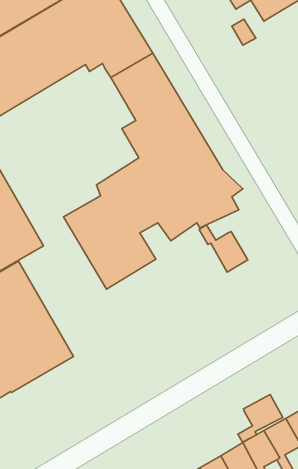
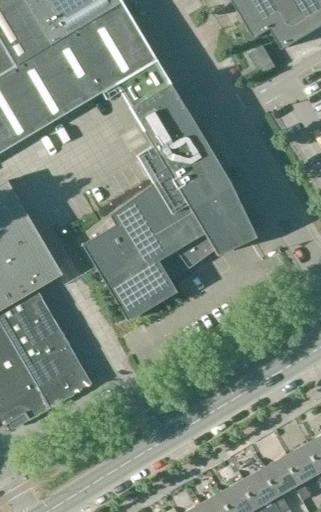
building: [199,225,248,272] -> none
building: [238,395,283,442] -> none

